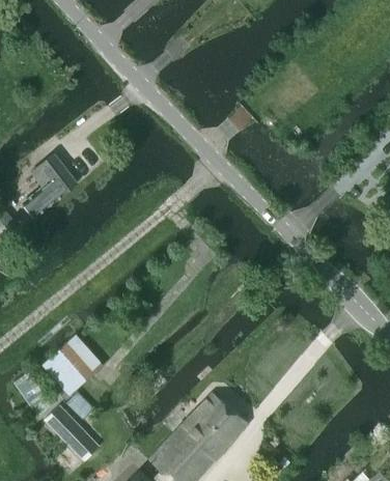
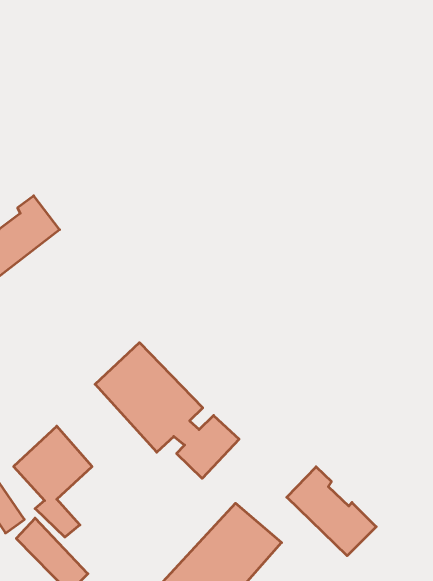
building: none -> [95,343,239,478]
building: none -> [287,467,376,556]

